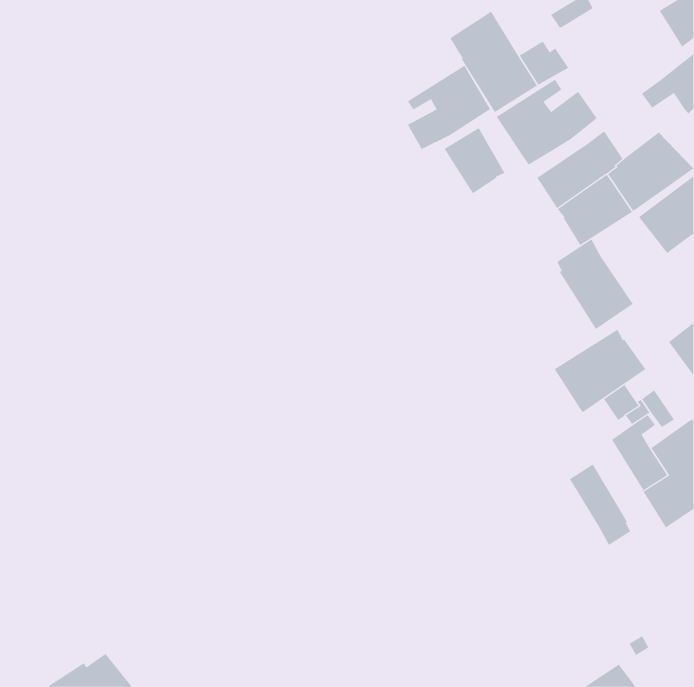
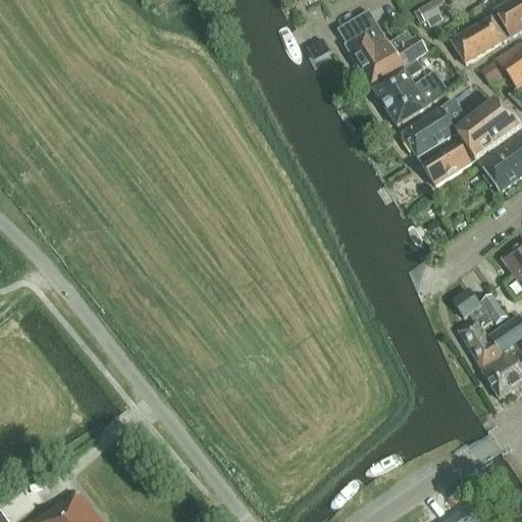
building: none -> [451,15,506,63]
building: [407,65,491,150] -> none
building: [444,127,505,194] -> none
building: [557,238,634,330] -> none
building: [554,329,646,413] -> none
building: [569,464,631,546] -> none

